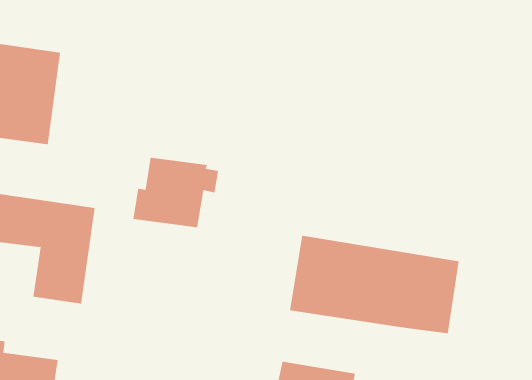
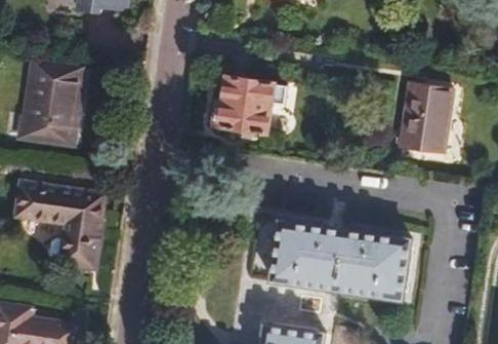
building: none -> [404,83,455,156]
building: [132,157,219,228] -> [214,88,286,147]

